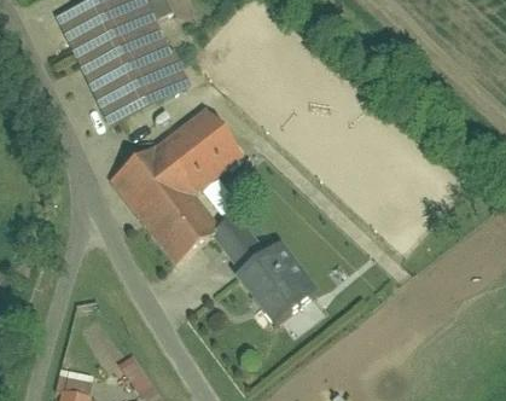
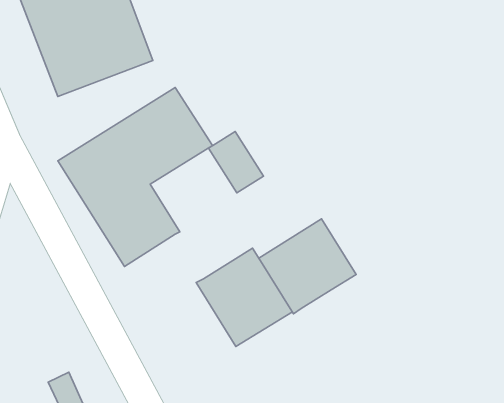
building: none -> [259,219,356,314]
building: [215,216,263,268] -> [209,131,264,193]

